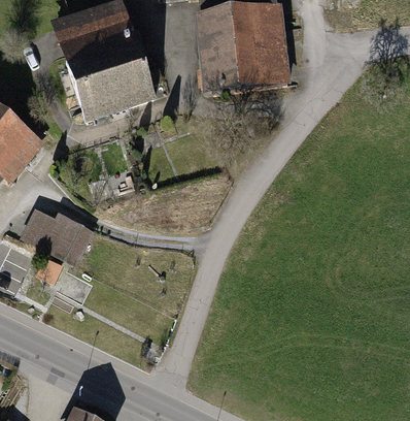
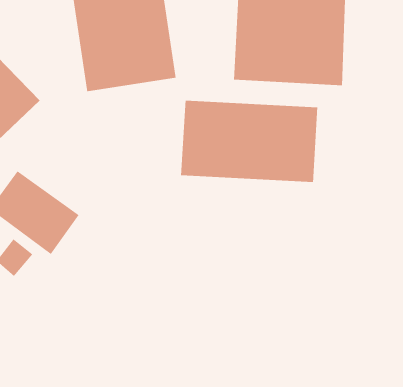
building: none -> [181,100,318,183]

